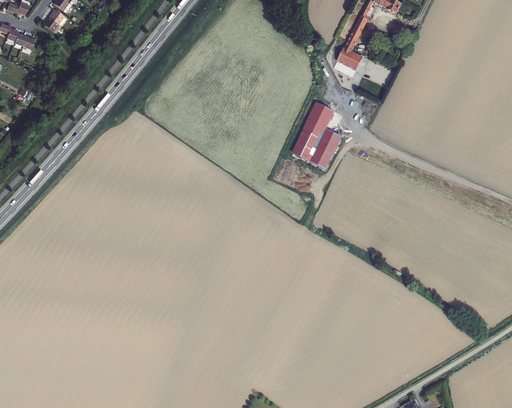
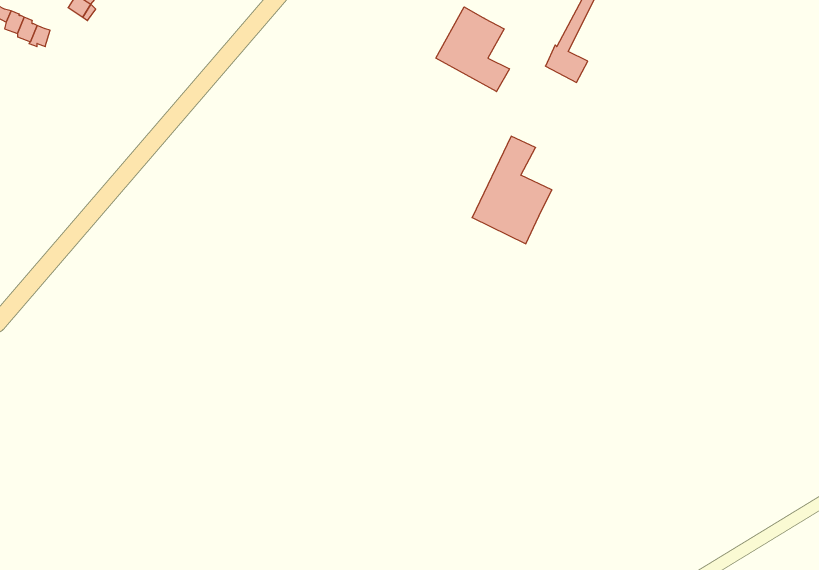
building: none -> [436,7,509,92]

